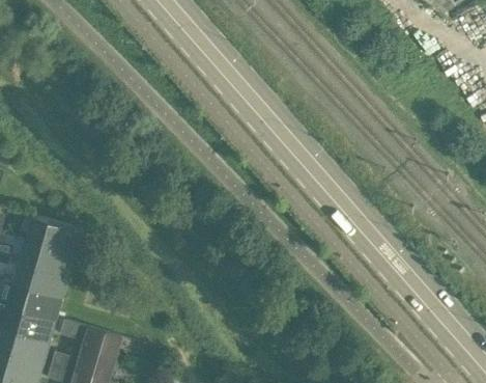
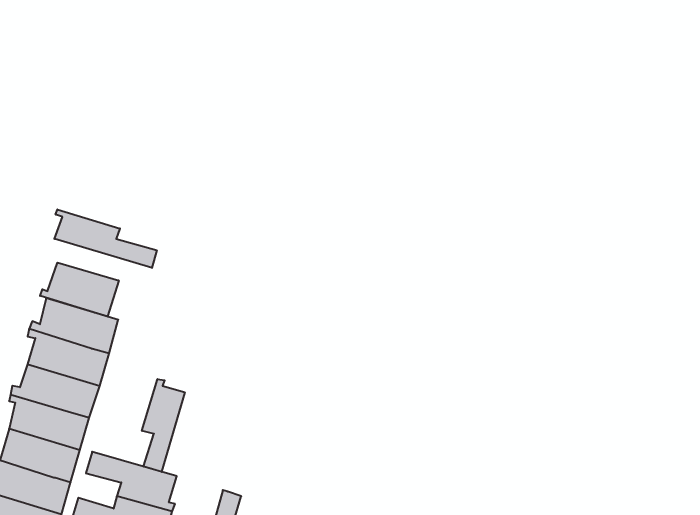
building: none -> [54,209,157,268]
building: none -> [40,263,119,317]
building: none -> [142,379,185,472]

